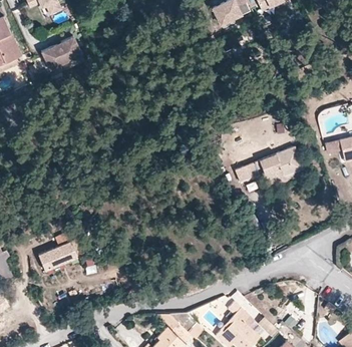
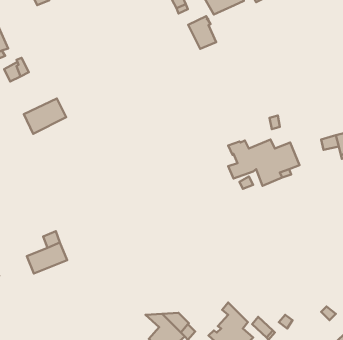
building: none -> [188,16,216,49]
building: [41,36,82,70] -> [24,99,66,134]

